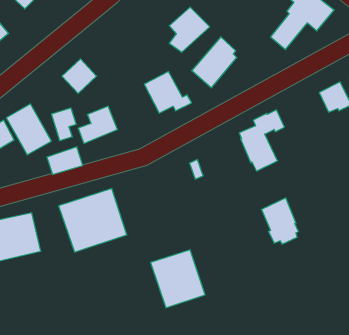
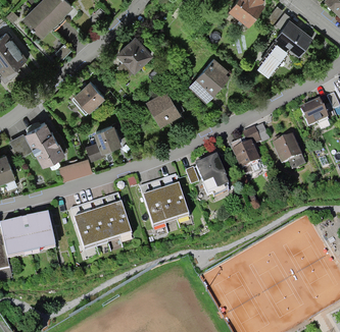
building: [169,7,210,52] -> [117,35,153,74]
building: [52,108,76,141] -> none
building: none -> [273,135,305,170]
building: [261,198,298,244] -> [196,156,229,197]
building: [151,250,205,308] -> [141,176,189,227]

